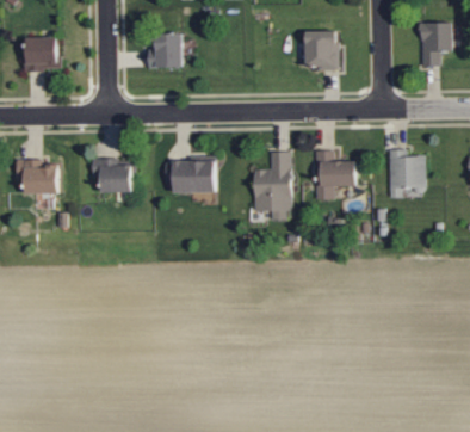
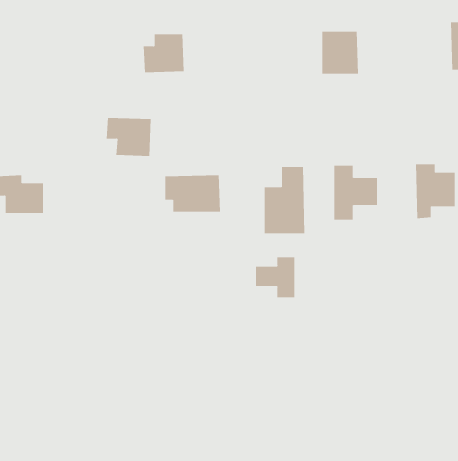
building: [25,37,60,70] -> none
building: [92,158,132,192] -> [106,118,152,156]
building: none -> [255,257,295,298]

